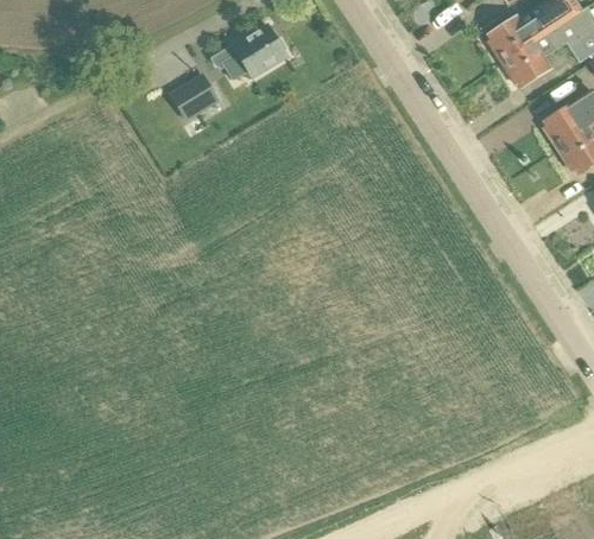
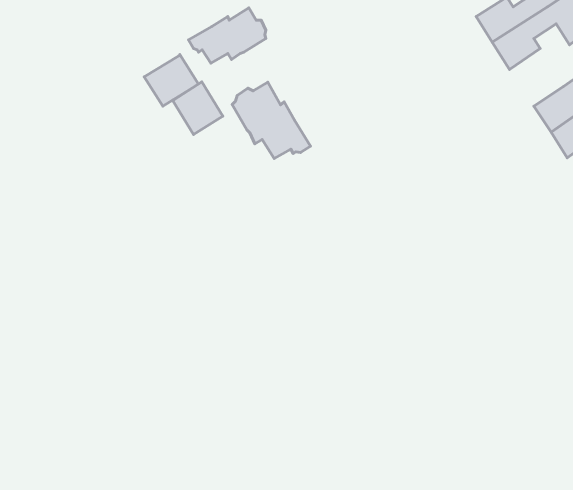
building: none -> [172,82,223,134]
building: none -> [232,82,310,159]

